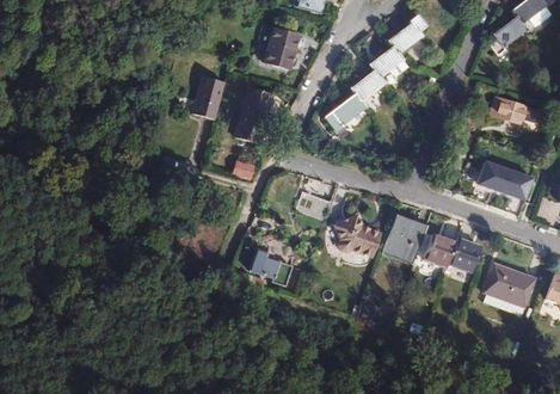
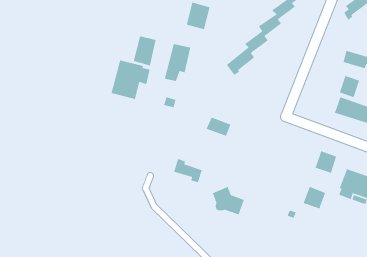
building: none -> [111,60,151,100]
building: none -> [339,75,360,98]
building: [336,214,382,256] -> [212,186,245,216]
building: [382,215,426,263] -> none
building: [423,233,456,266] -> [302,186,326,209]

